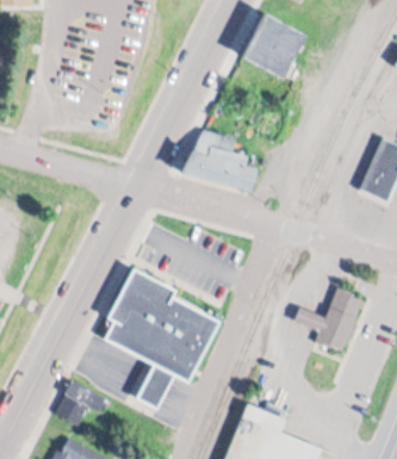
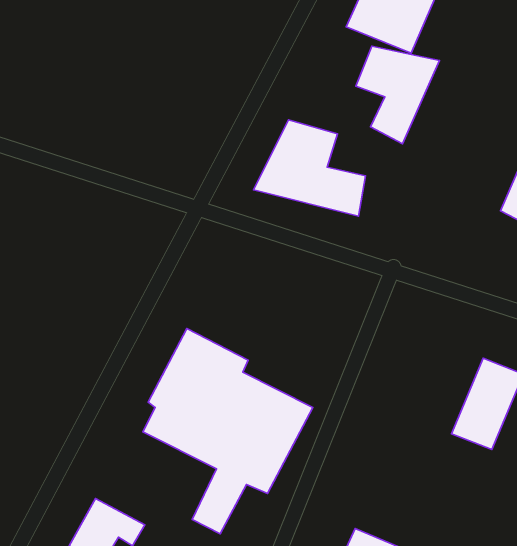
building: none -> [356,46,439,144]

